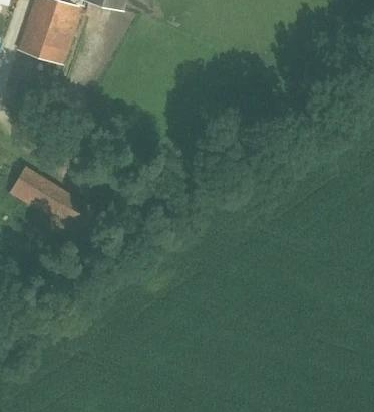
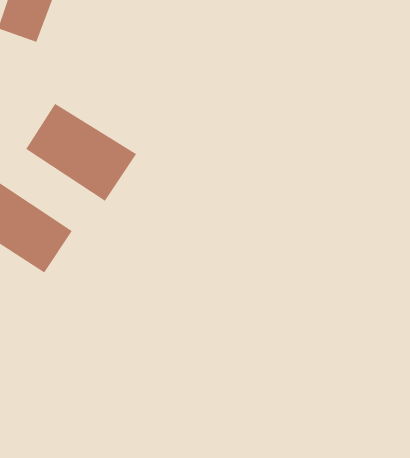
building: none -> [25,103,137,202]

